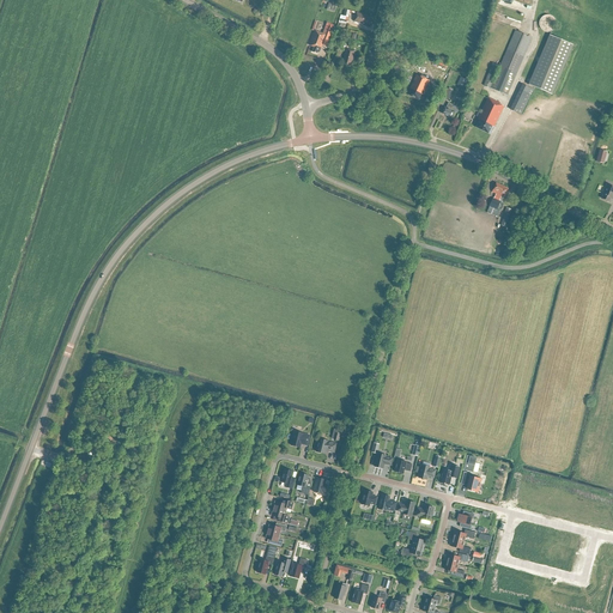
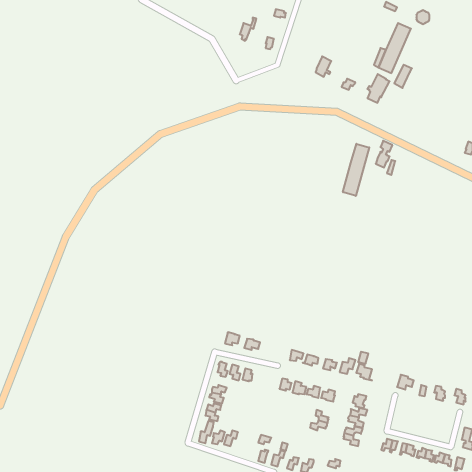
building: [529,34,573,93] -> none
building: none -> [343,144,369,196]

